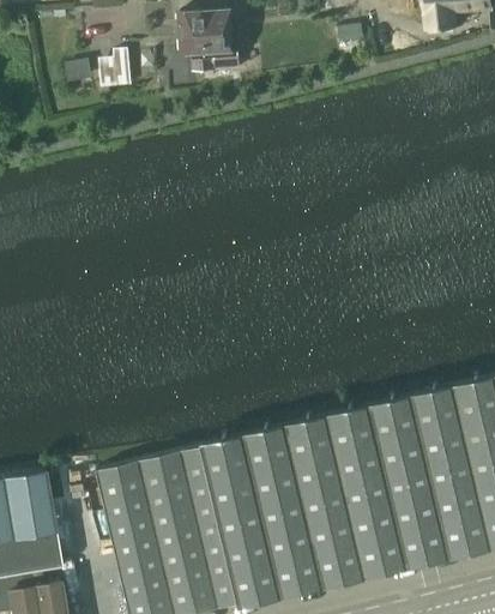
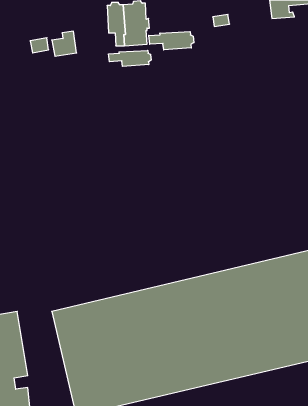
building: none -> [149,32,194,50]
building: none -> [109,50,151,66]

